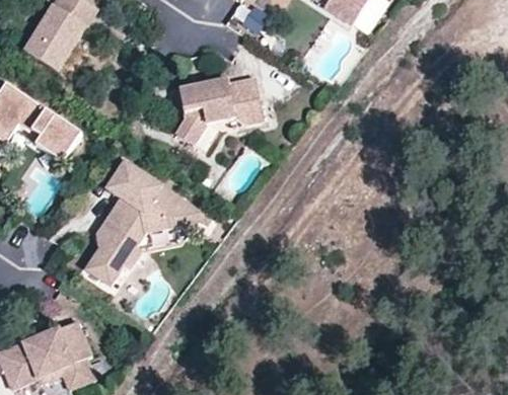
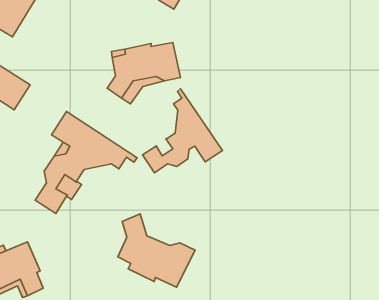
building: none -> [143,89,223,173]
building: none -> [118,214,195,287]

